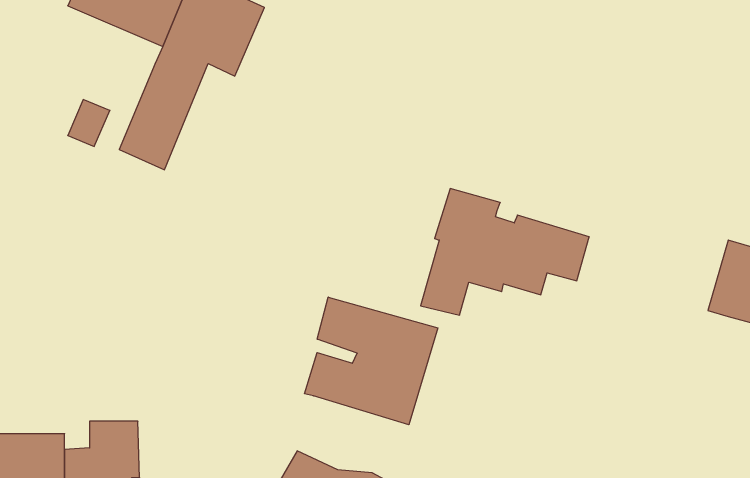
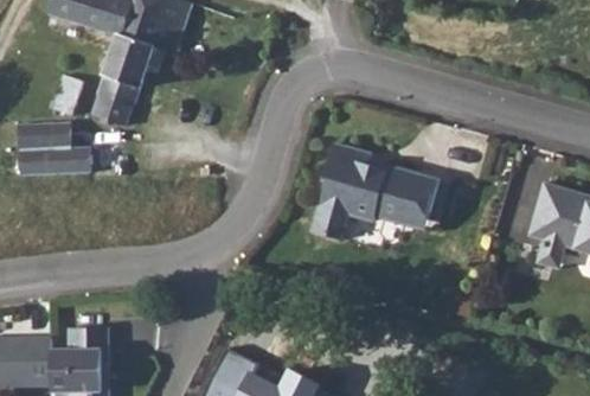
building: none -> [8,123,82,179]
building: [305,297,438,425] -> none

